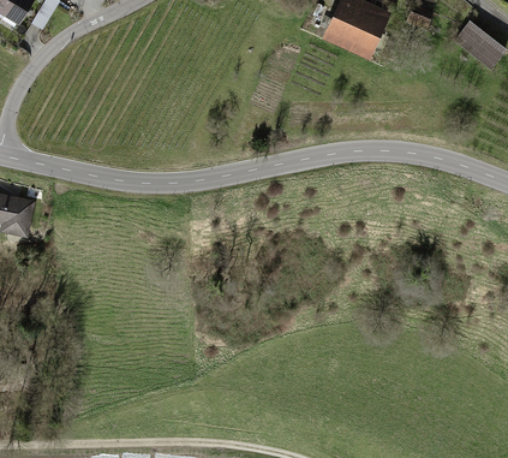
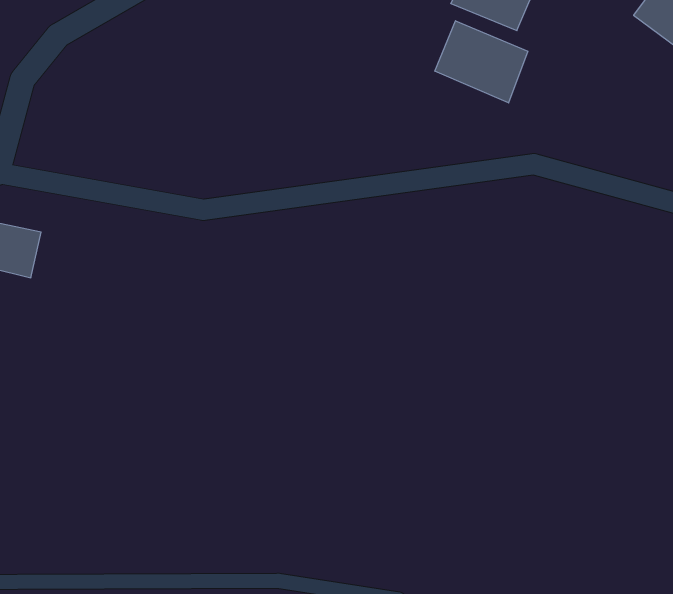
building: none -> [435,21,528,103]

